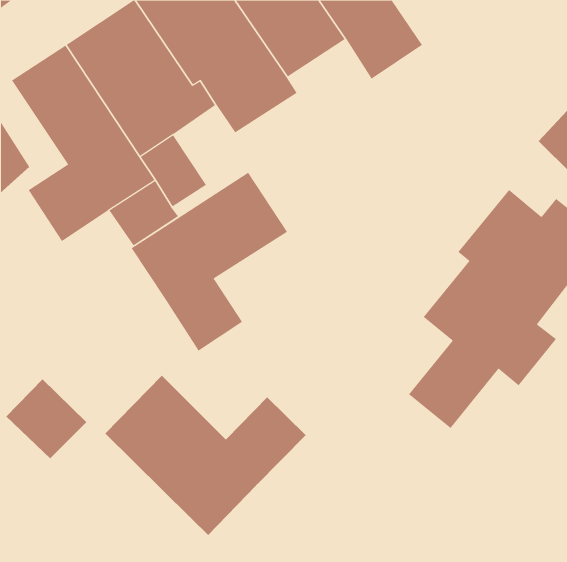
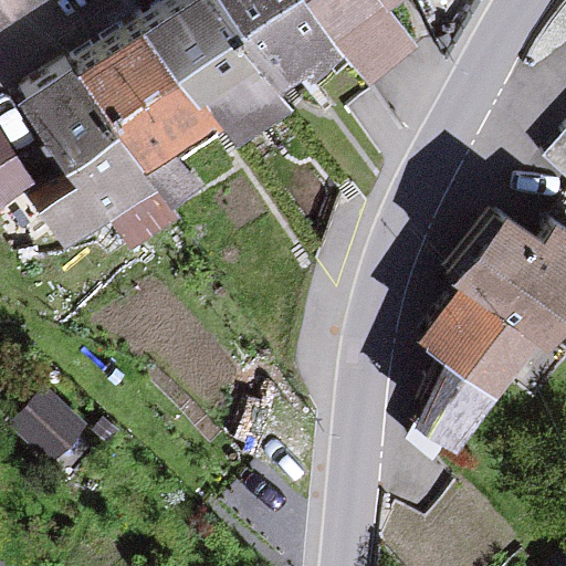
building: [131,172,288,351] -> none
building: [105,375,307,536] -> none

